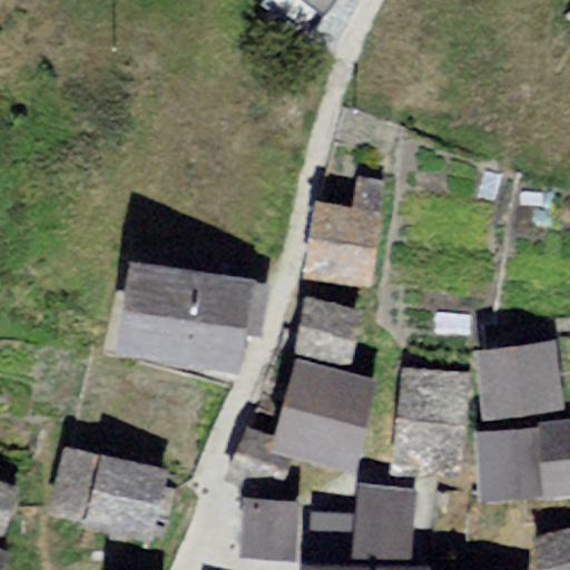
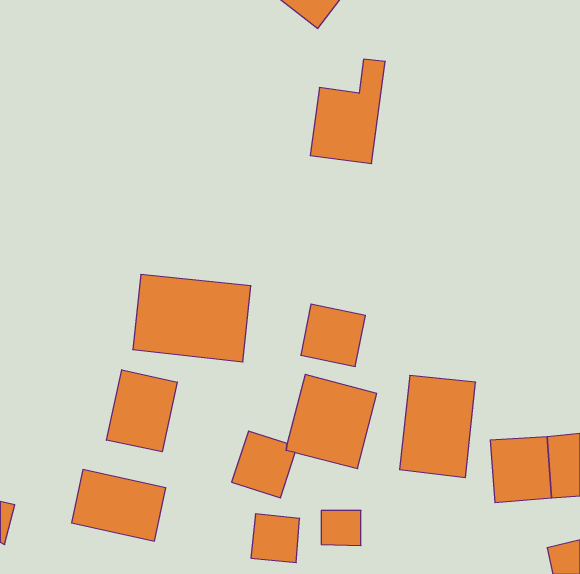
building: [308,175,382,277] -> [310,59,385,164]
building: [479,342,557,412] -> none
building: none -> [106,370,177,452]
building: [355,483,415,556] -> none

